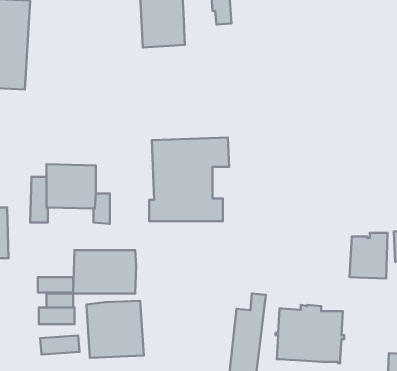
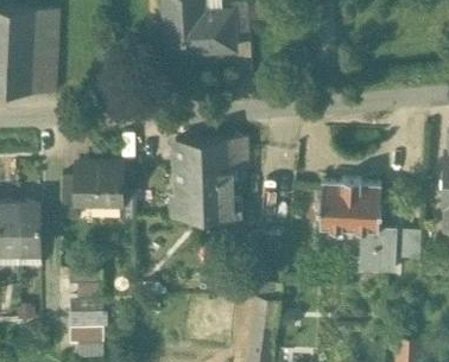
building: none -> [204,21,236,53]
building: [73,250,136,294] -> none
building: [86,301,144,358] -> none
building: [276,305,344,363] -> [318,179,382,234]

